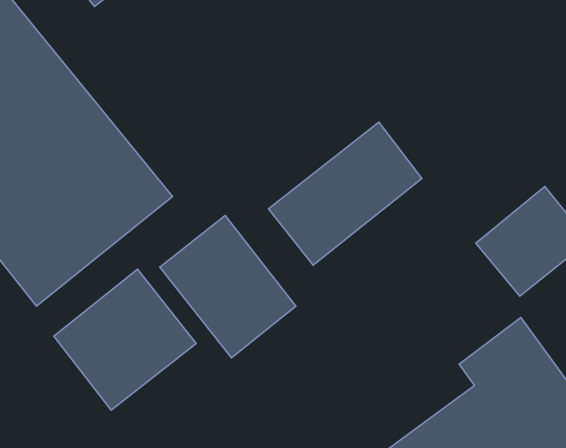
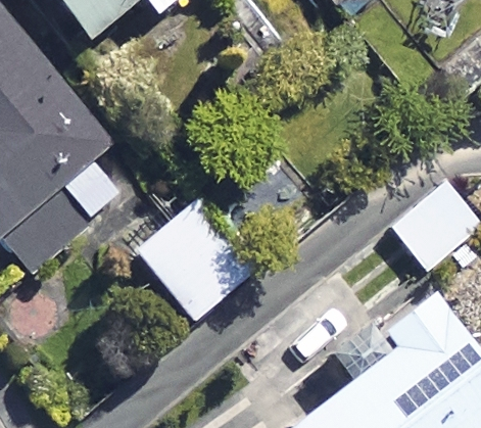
building: [269,122,422,265] -> none
building: [54,269,196,410] -> none

